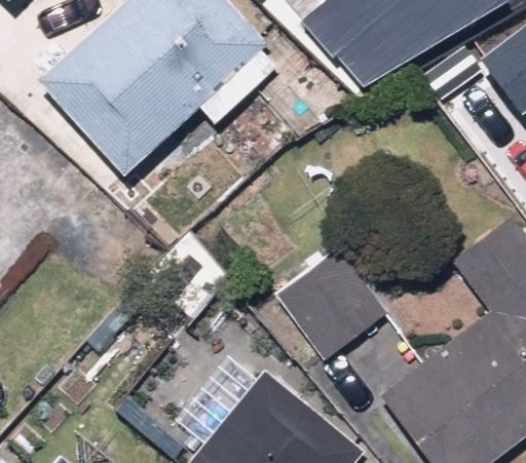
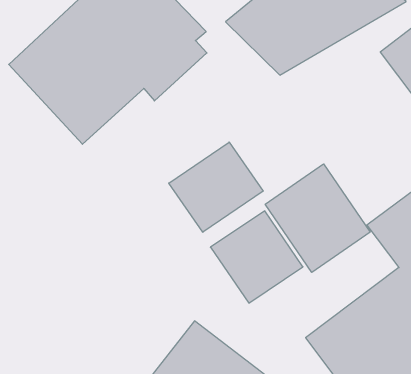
building: none -> [169,142,263,232]
building: none -> [265,164,370,272]

